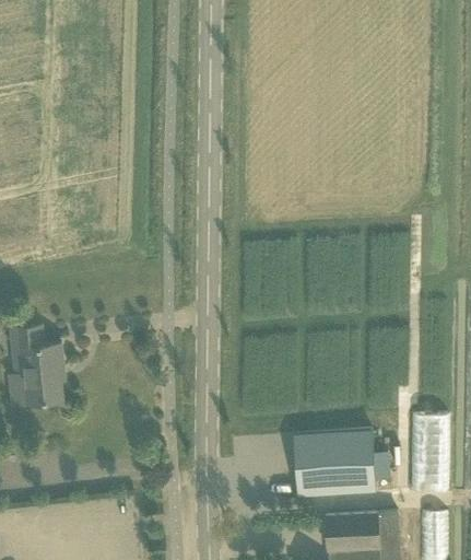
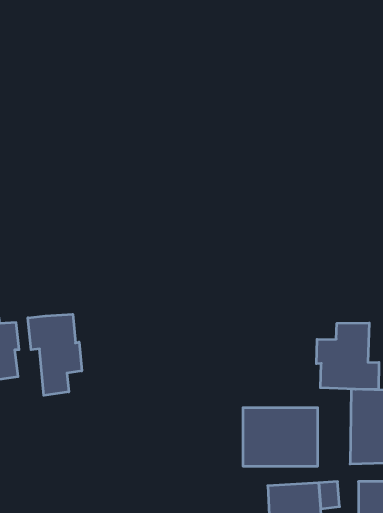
building: none -> [28,314,82,395]
building: none -> [316,323,379,390]

